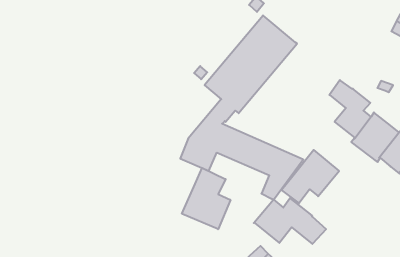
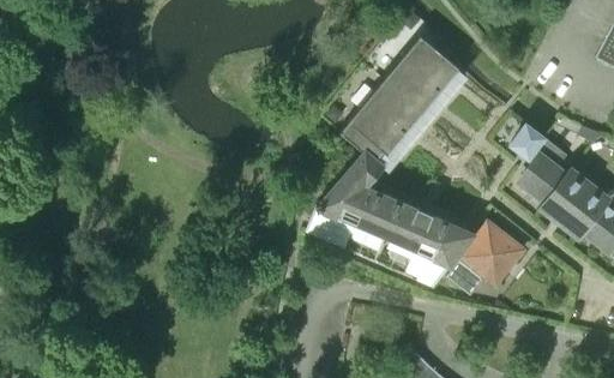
building: [182,168,230,229] -> none
building: [254,198,326,244] -> none

